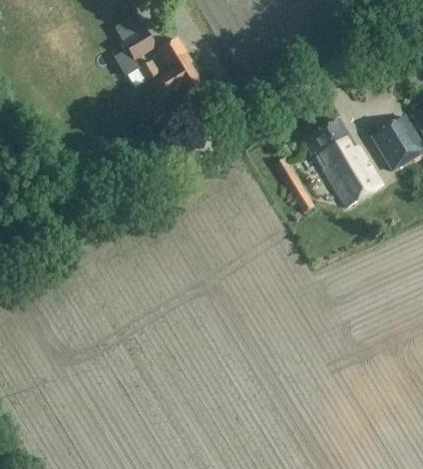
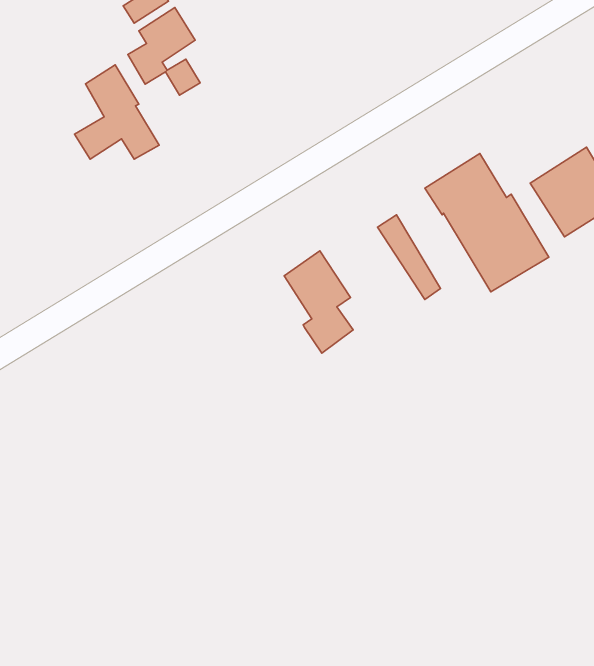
building: [150,37,204,97] -> [74,65,159,159]
building: none -> [284,251,353,353]

